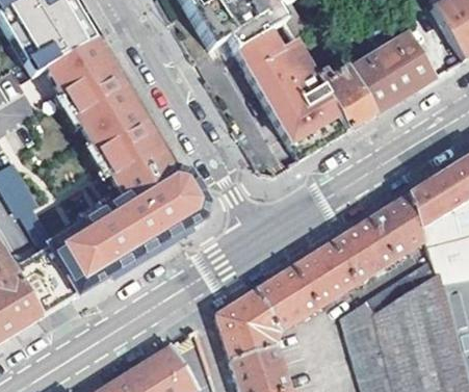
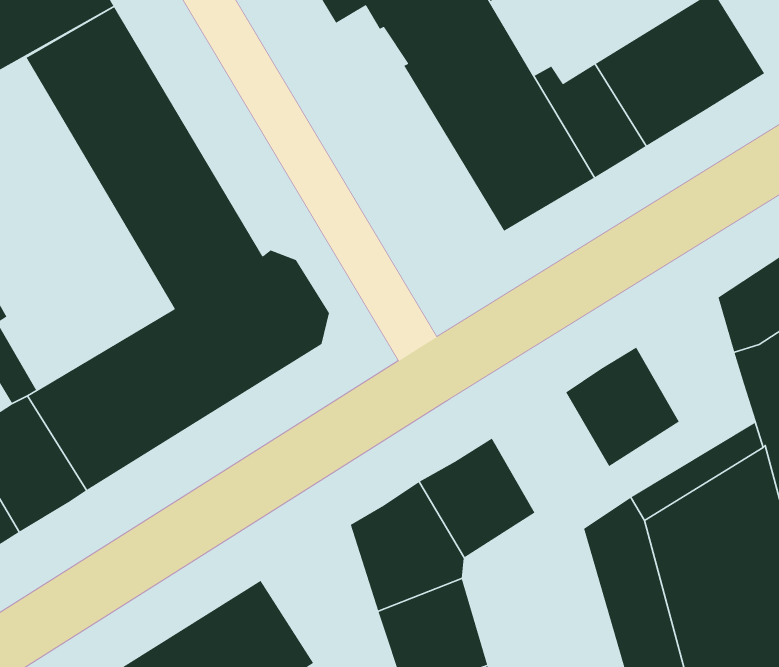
building: [368,191,424,257] -> none
building: [292,241,354,305] -> none

